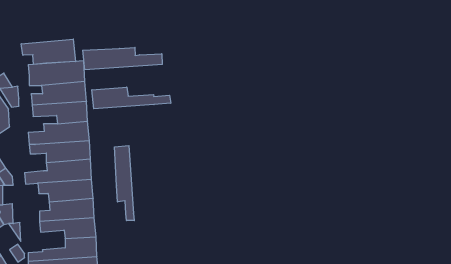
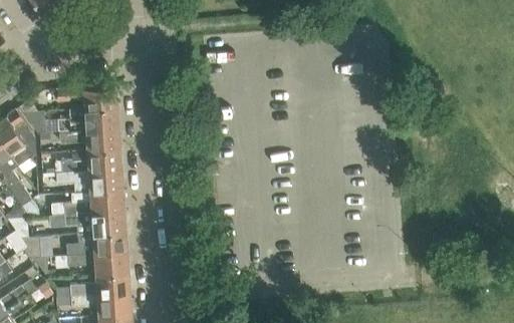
building: [21,39,76,64] -> none
building: [83,47,162,70] -> none
building: [92,87,171,109] -> none
building: [115,146,134,221] -> none

